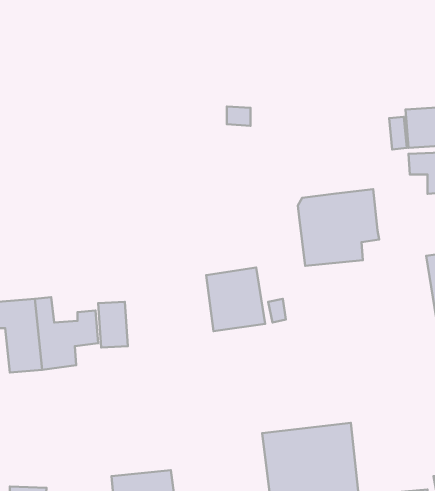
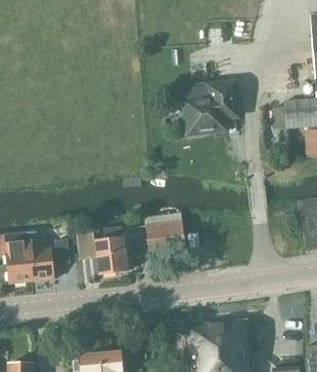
building: [298,189,379,266] -> [182,80,238,134]
building: none -> [94,225,128,274]

